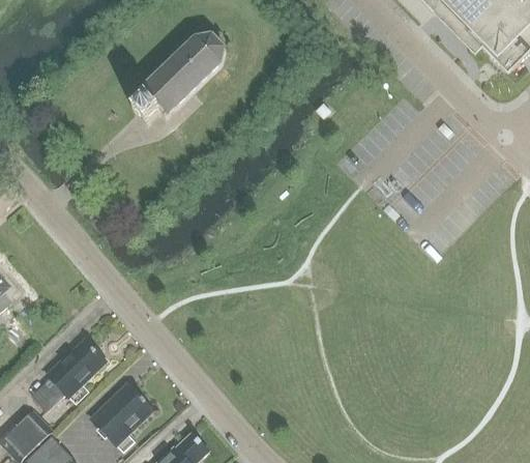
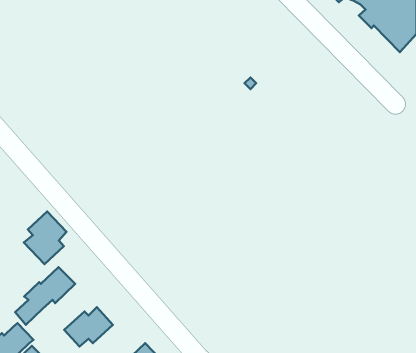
building: [135,35,225,122] -> none
building: none -> [24,211,67,264]

